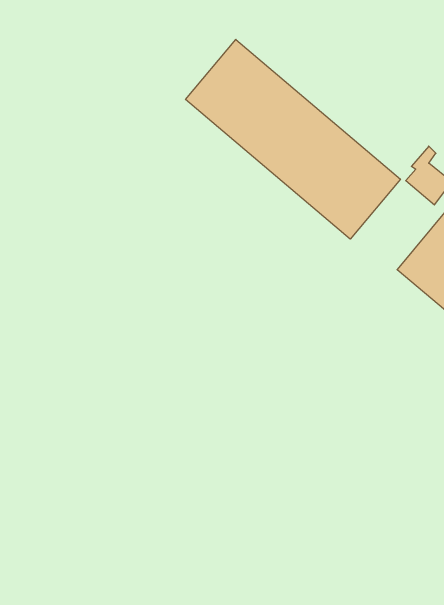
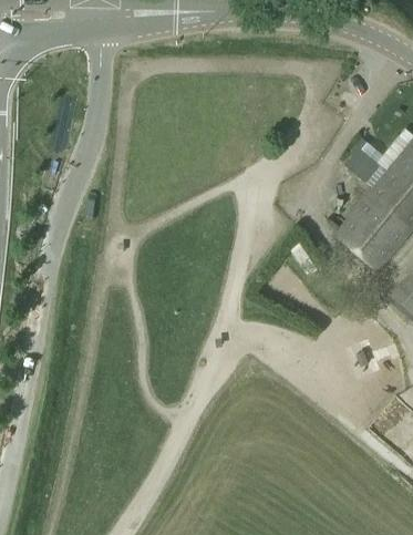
building: [186,39,400,239] -> none

